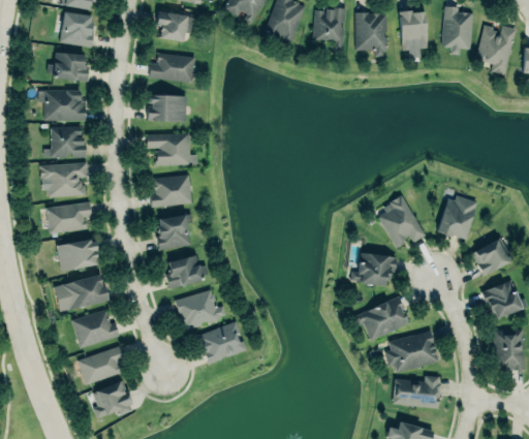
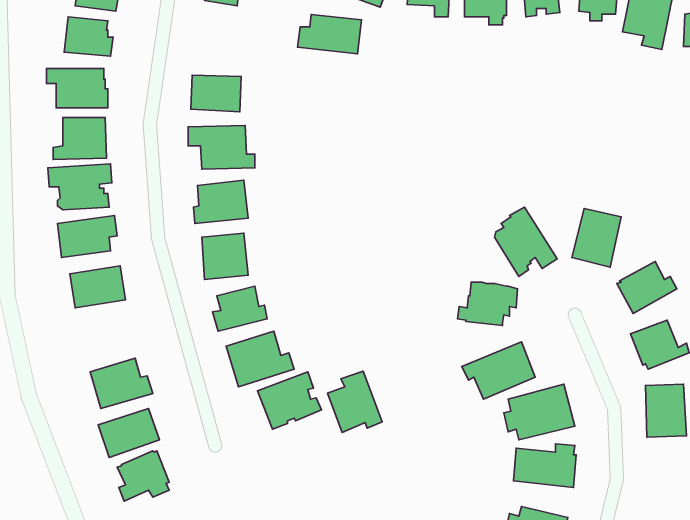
building: [148,53,196,83] -> [297,14,361,54]
building: [54,276,106,312] -> none
building: none -> [327,371,382,432]

